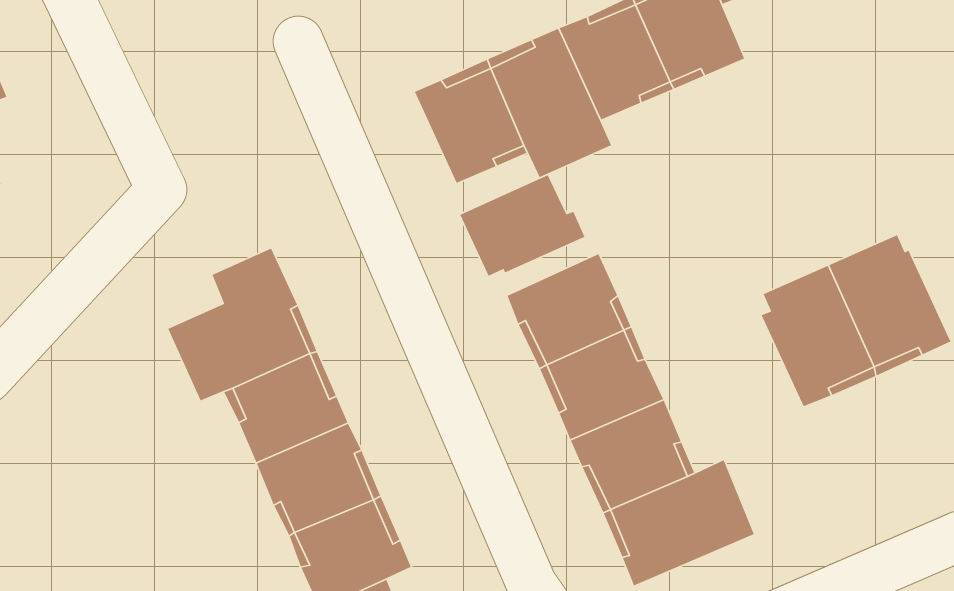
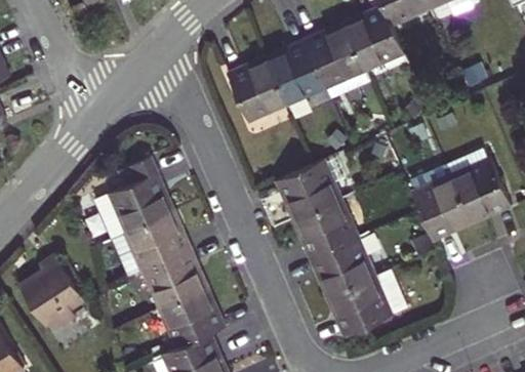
building: [459,174,586,277] -> none
building: none -> [18,256,84,329]

